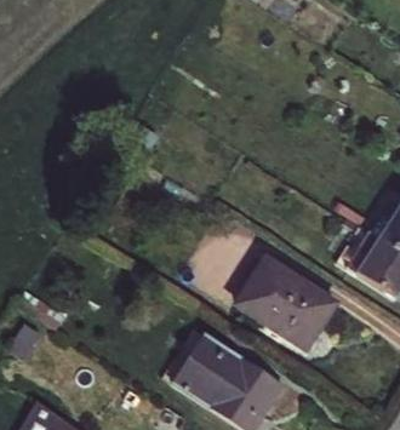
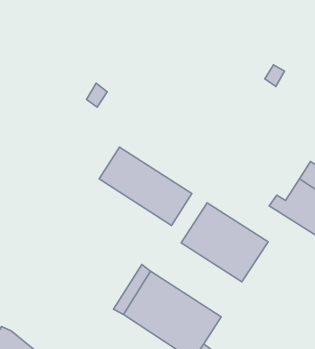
building: none -> [99,147,192,225]

